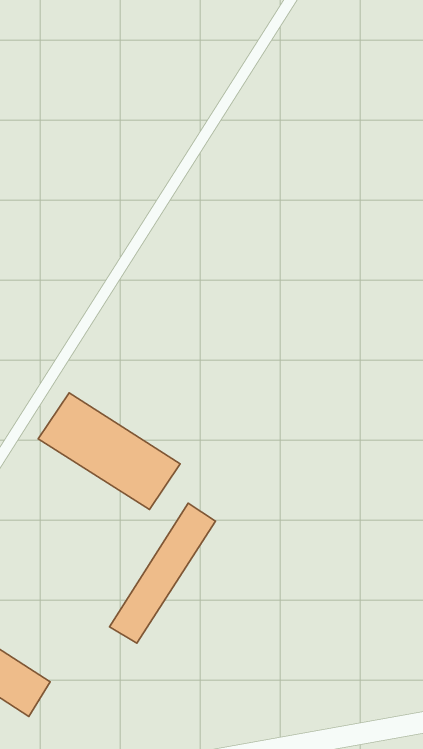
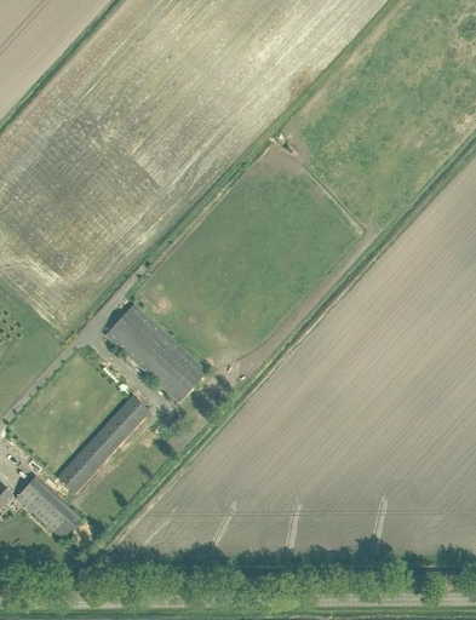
building: [110,503,216,643] -> [57,395,150,493]

